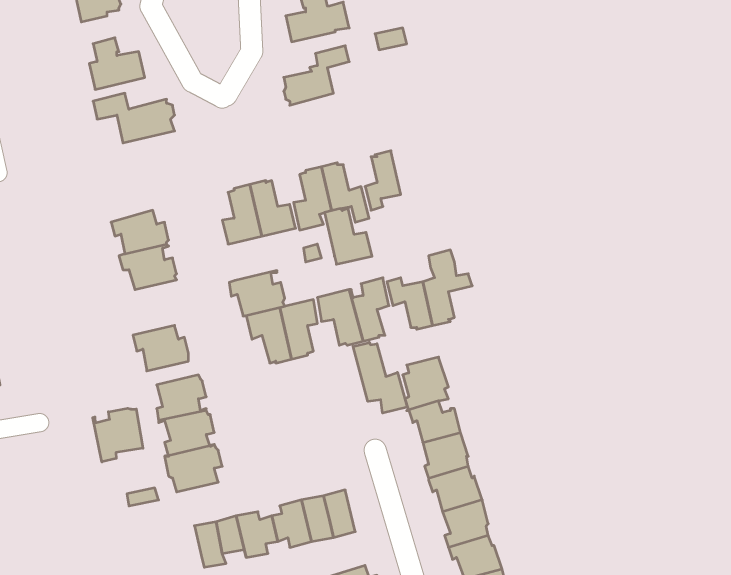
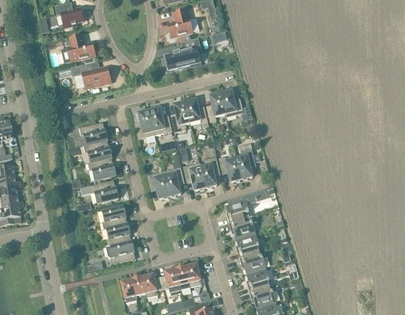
building: [324,209,372,264] -> [220,89,244,117]
building: [229,271,285,316] -> [88,156,116,179]
building: [353,342,407,413] -> none
building: [93,408,143,462] -> none

